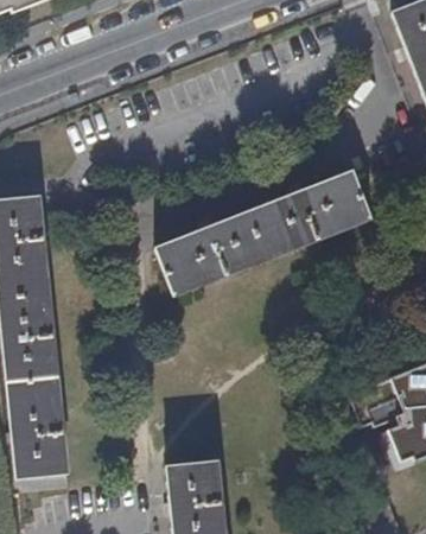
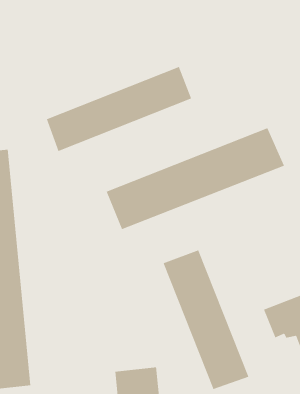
building: none -> [46,66,192,152]
building: none -> [163,249,249,390]

